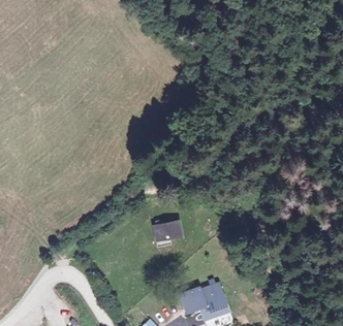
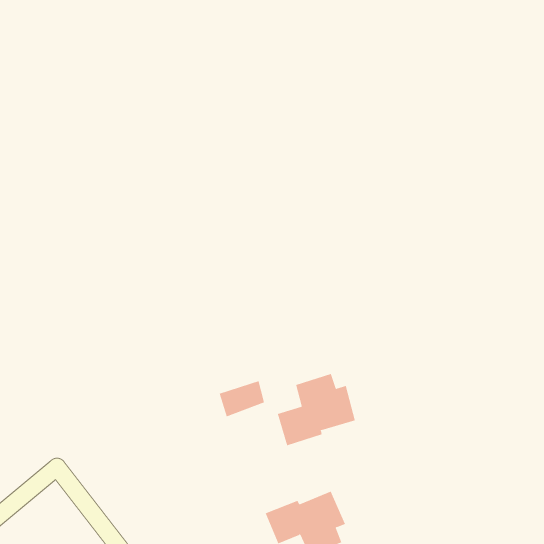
building: none -> [277,373,356,446]

